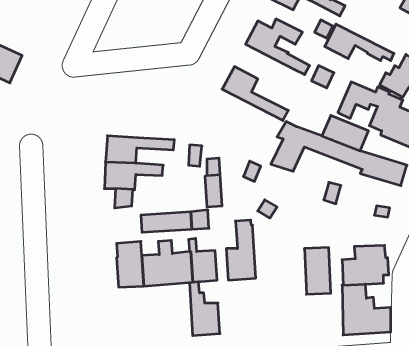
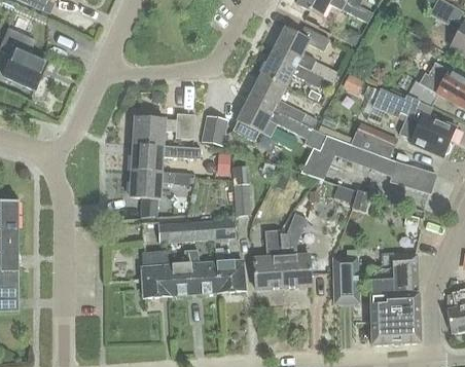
building: [325,24,394,61] -> [261,50,331,87]
building: none -> [232,96,314,144]
building: none -> [133,112,195,145]
building: none -> [199,114,226,145]
building: [190,282,220,336] -> [280,232,311,287]
building: none -> [394,292,420,318]

